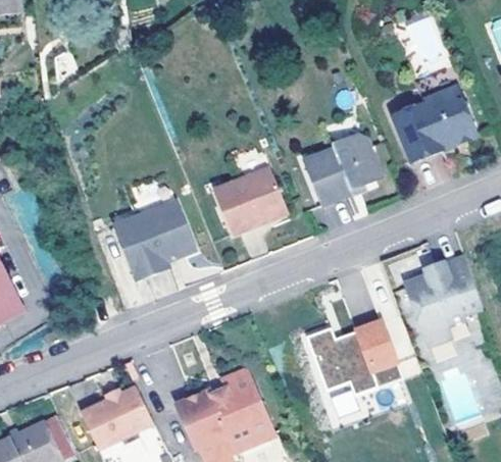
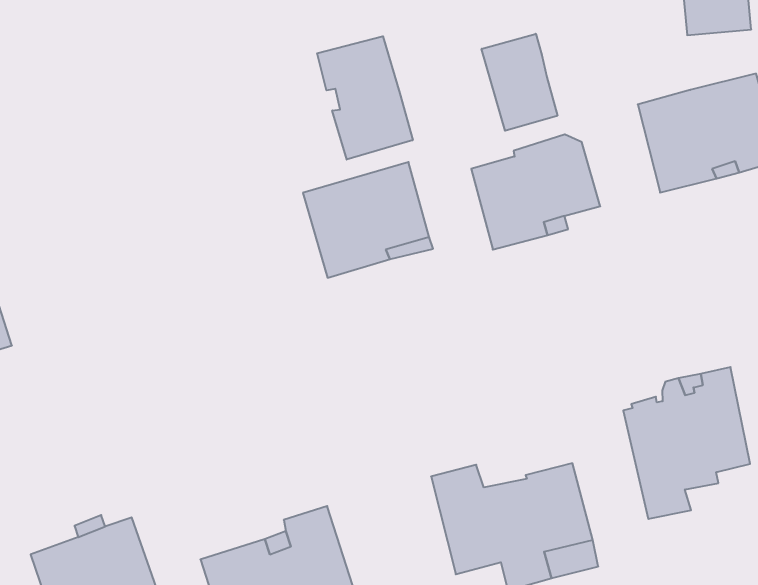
building: none -> [482,34,557,131]
building: none -> [317,36,413,160]
building: [110,203,194,283] -> none

